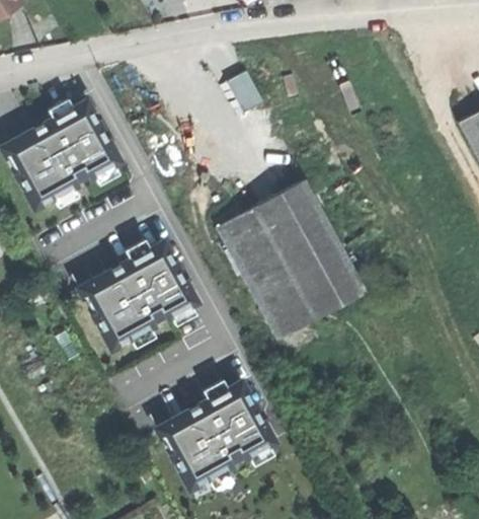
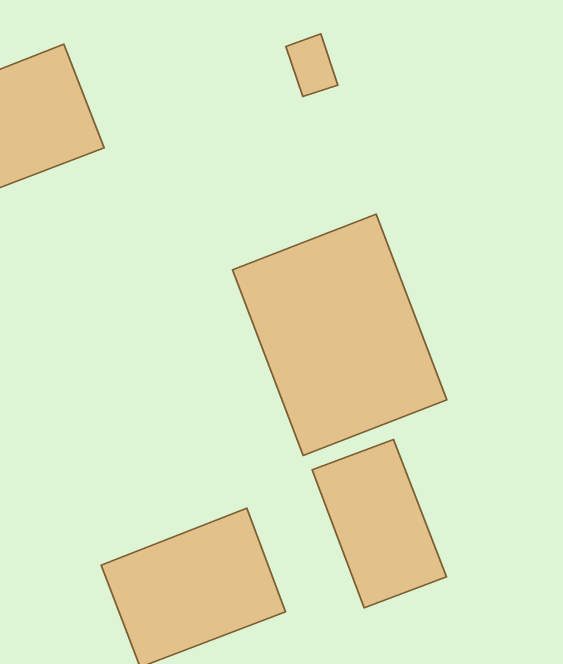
building: [78,239,199,350] -> none
building: none -> [312,439,446,608]

